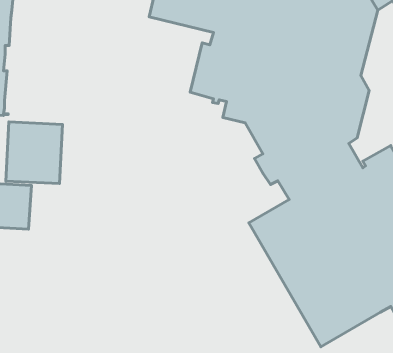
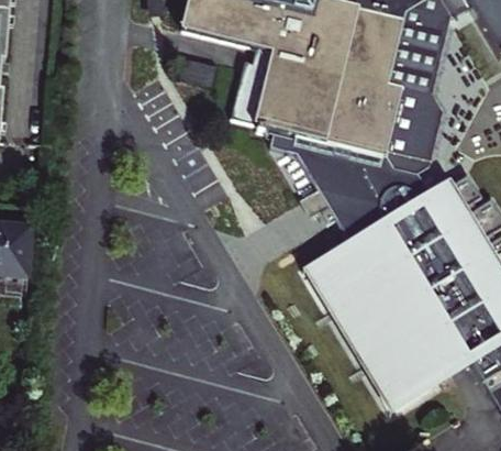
building: [6,122,63,184] -> none

